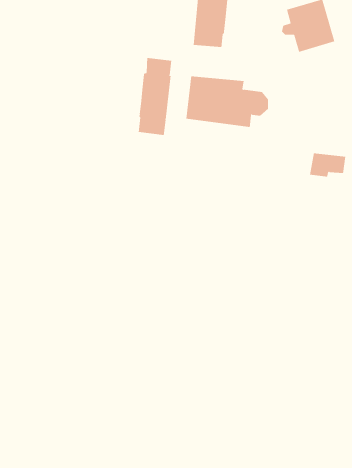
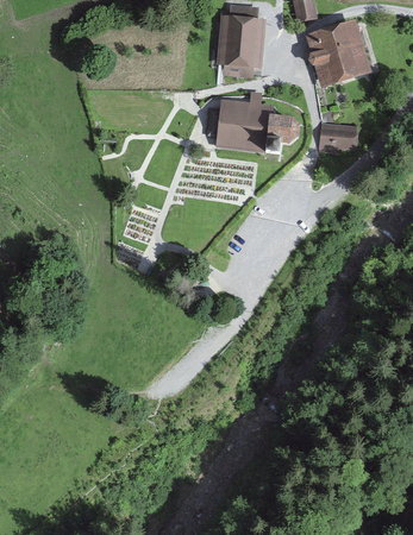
building: [138,57,172,136] -> none
building: [309,153,346,177] -> [319,126,355,150]

